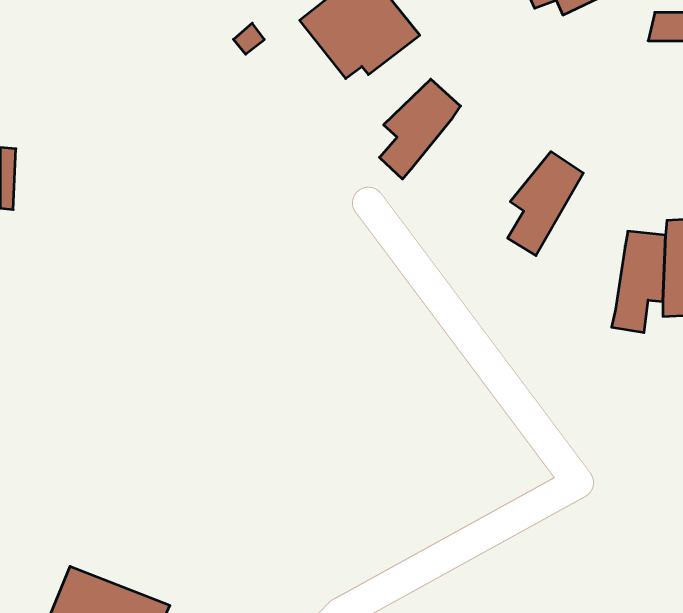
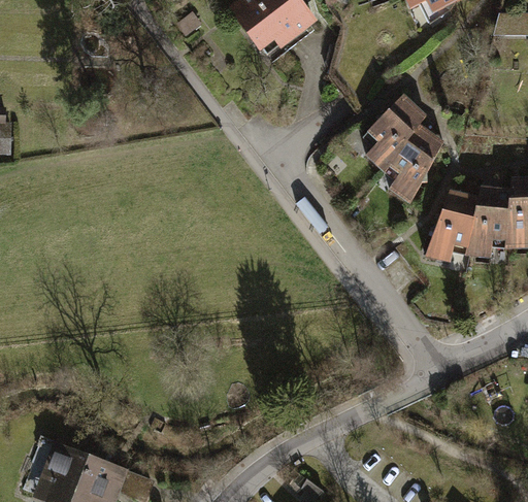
building: [379,79,461,179] -> [365,92,427,168]
building: none -> [426,188,477,263]

